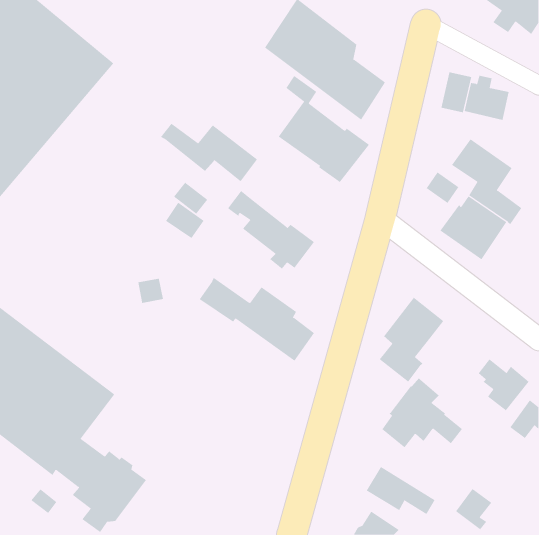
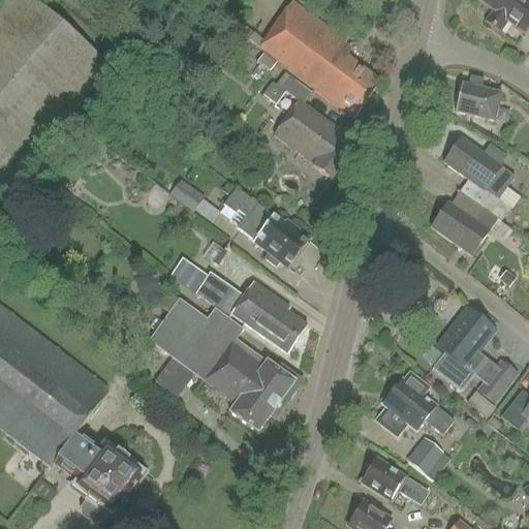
building: [441,72,472,113] -> none
building: [160,123,258,182] -> none
building: [426,172,459,204] -> none
building: [165,202,204,239] -> [168,256,207,292]
building: [379,297,444,383] -> [431,306,495,390]
building: none -> [148,297,293,430]
building: [455,488,492,530] -> [407,437,443,478]

